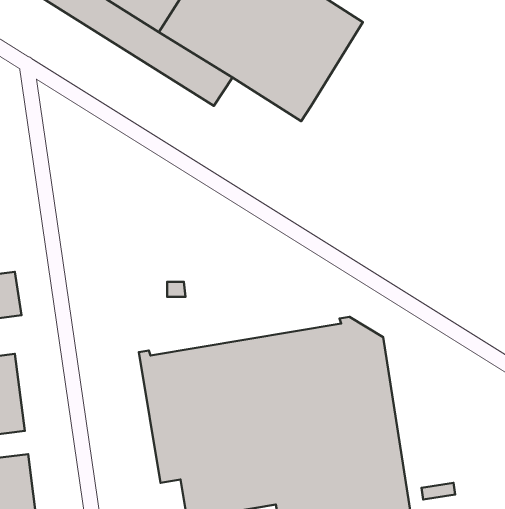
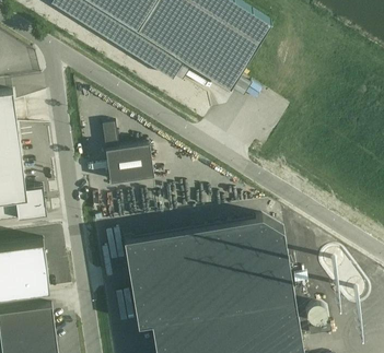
building: none -> [102,125,153,184]

